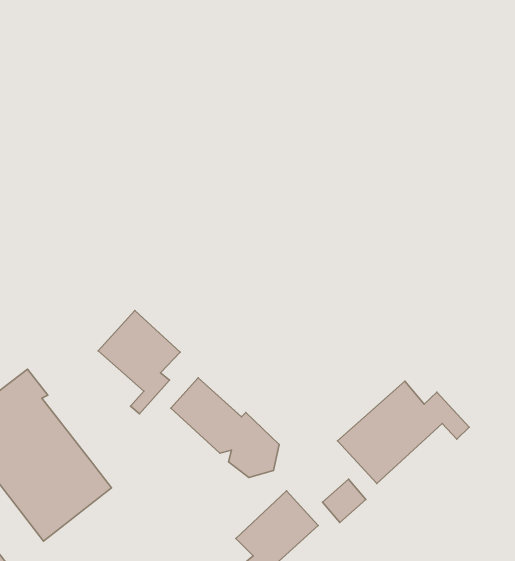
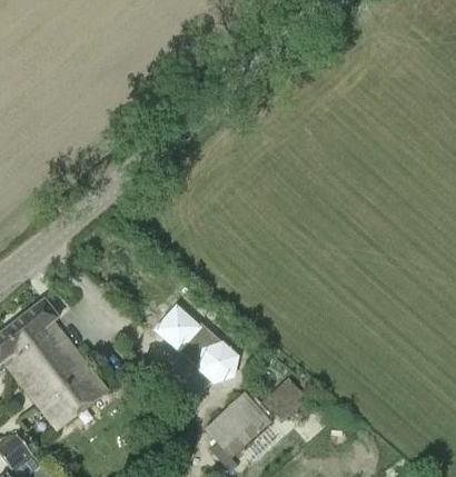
building: [98,310,180,414] -> none
building: [338,381,469,484] -> none

